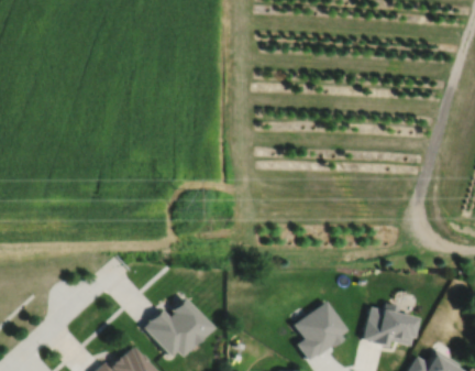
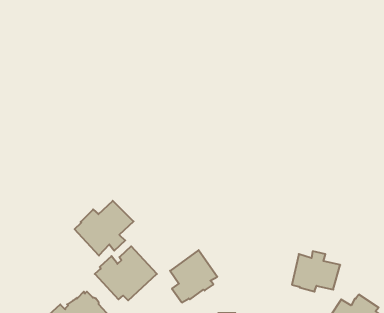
building: none -> [75,201,134,256]
building: [296,301,349,359] -> [170,250,217,302]

